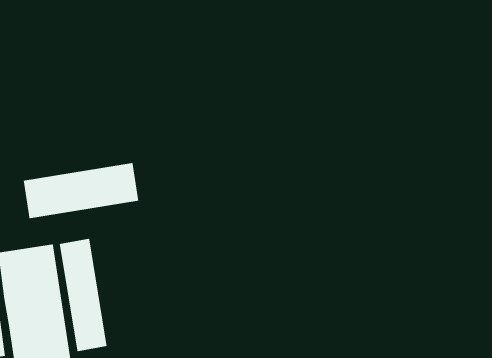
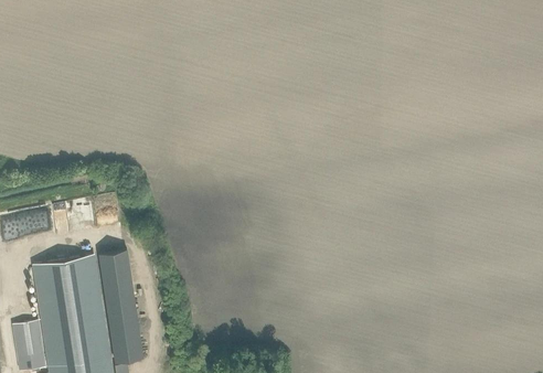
building: [23,162,139,219] -> none

